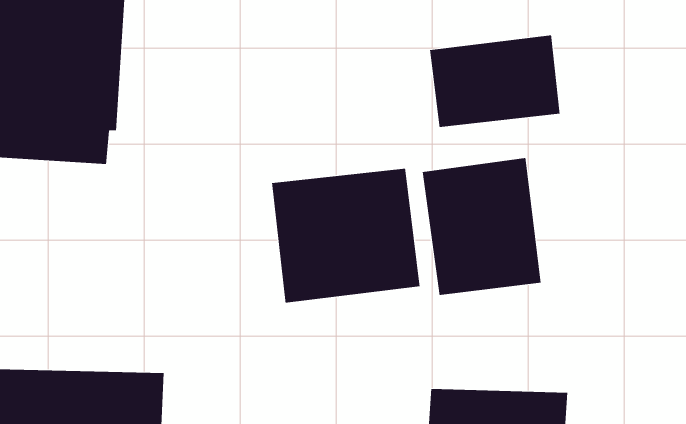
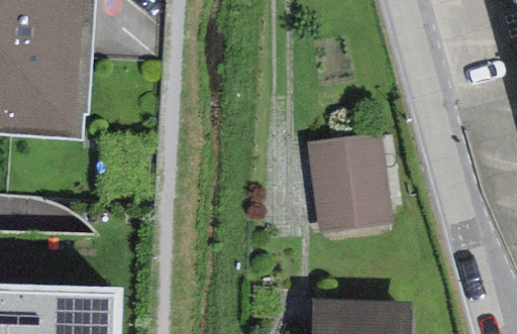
building: [429,34,560,128] -> none
building: [272,168,420,304] -> none

